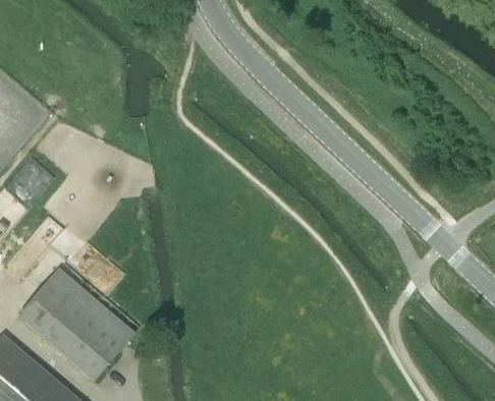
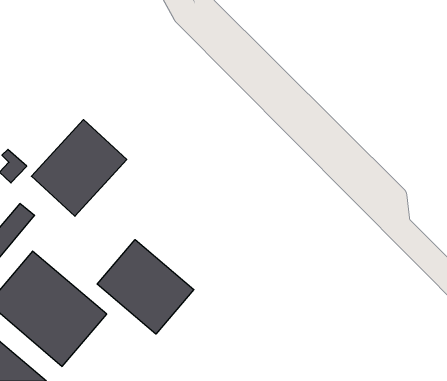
building: none -> [31,120,127,216]
building: none -> [97,240,194,334]

